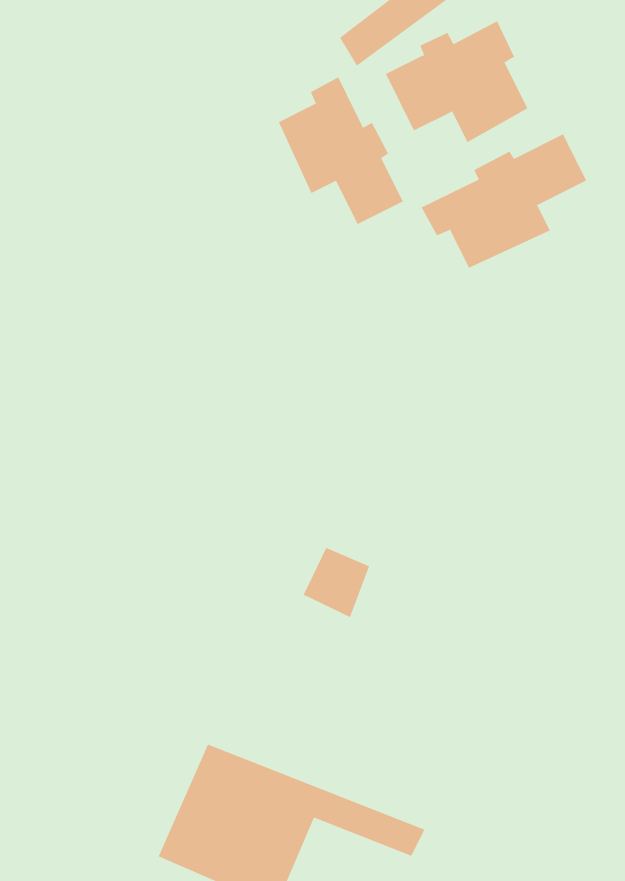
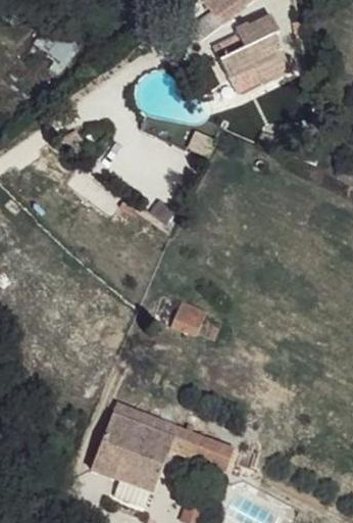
building: [278,76,404,225] -> none
building: [421,134,587,268] -> none

